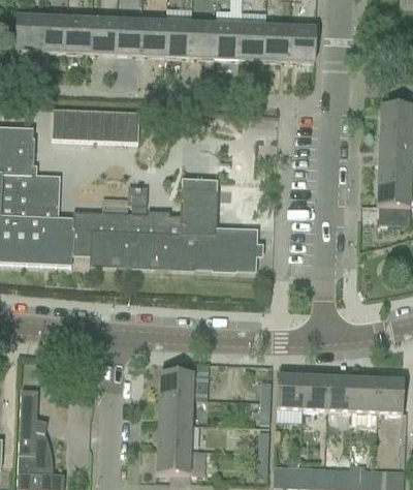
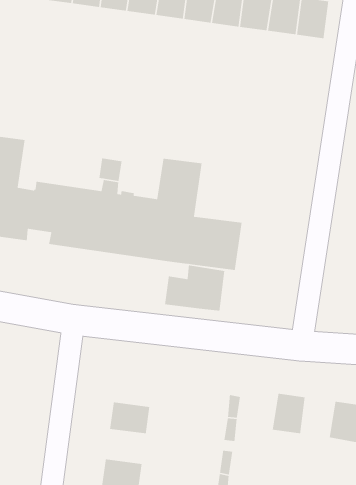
building: [52,109,139,143] -> none
building: [160,361,211,399] -> [164,265,225,311]
building: [276,374,304,422] -> none
building: [327,377,354,411] -> none
building: [158,423,192,450] -> none

